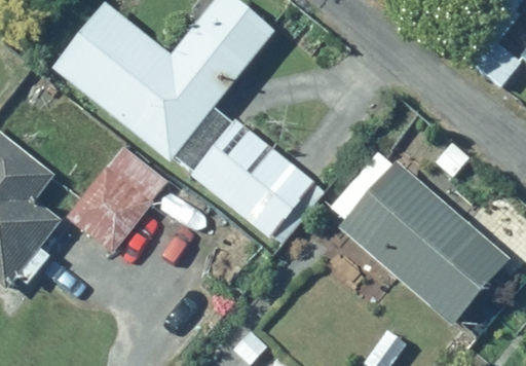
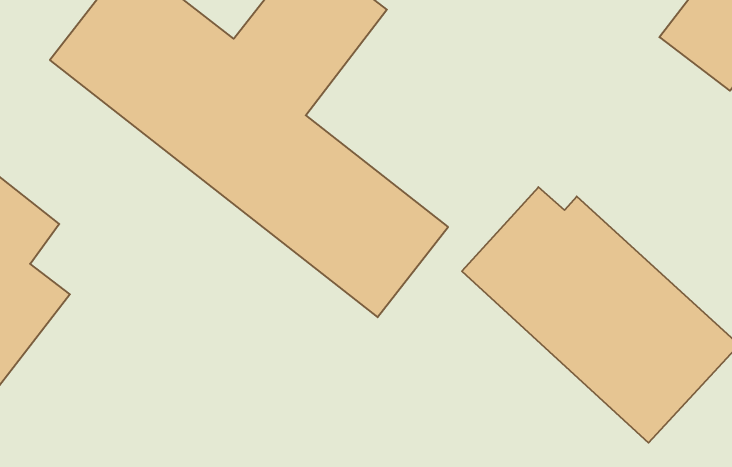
building: [66,146,167,254] -> none

